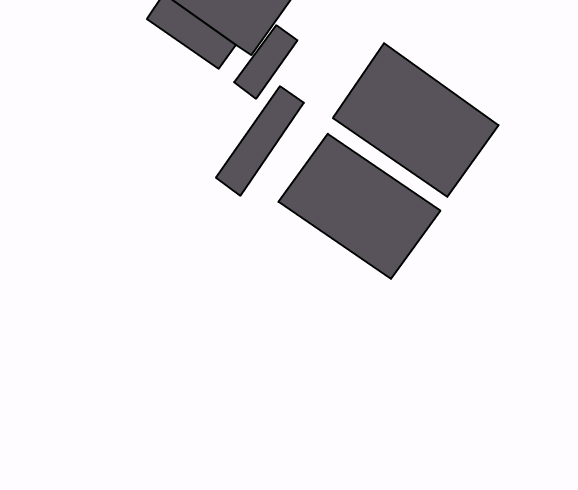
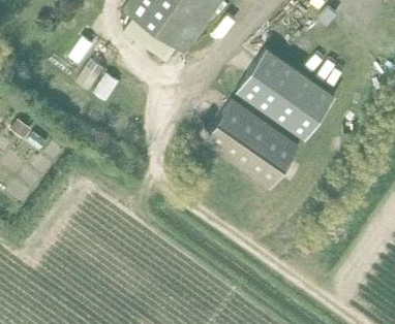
building: [234,25,297,99] -> none
building: [216,86,304,196] -> none

